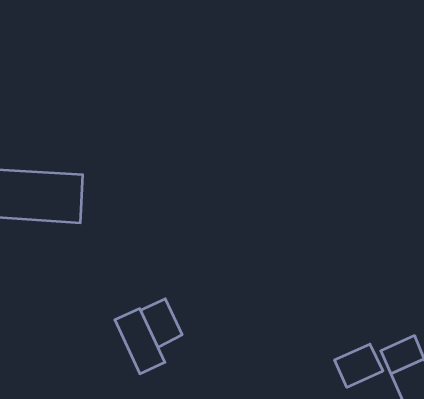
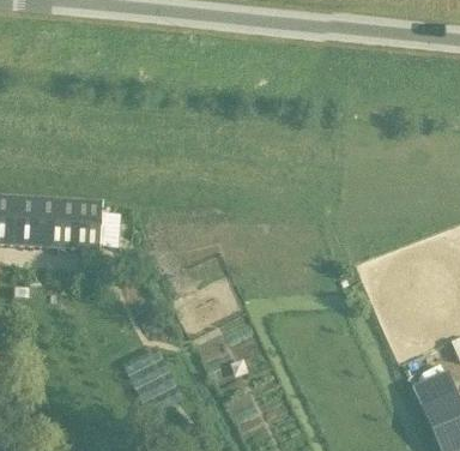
building: [141,299,182,347] -> none
building: [335,344,383,387] -> none

